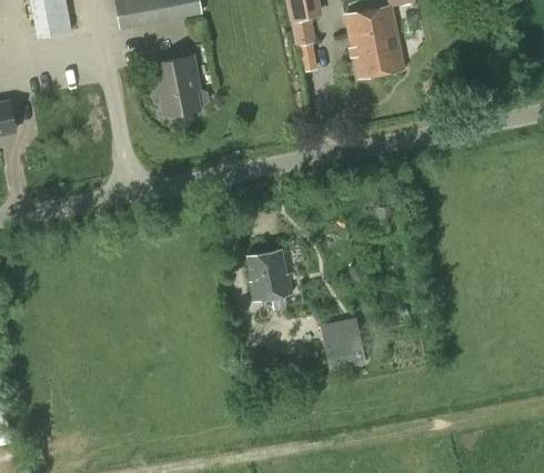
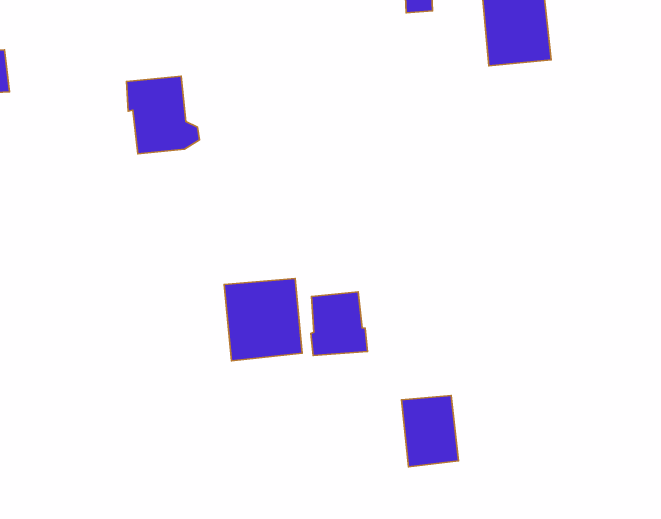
building: [152,57,209,115] -> [127,76,199,154]
building: none -> [224,279,302,361]

